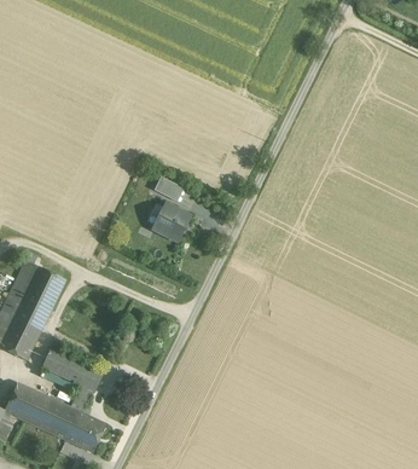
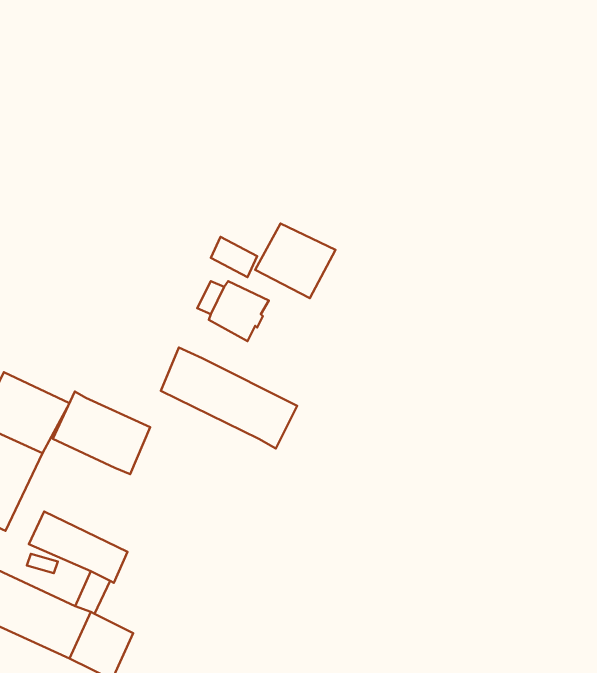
building: none -> [255,224,335,298]
building: none -> [161,347,297,449]
building: none -> [53,392,150,474]

